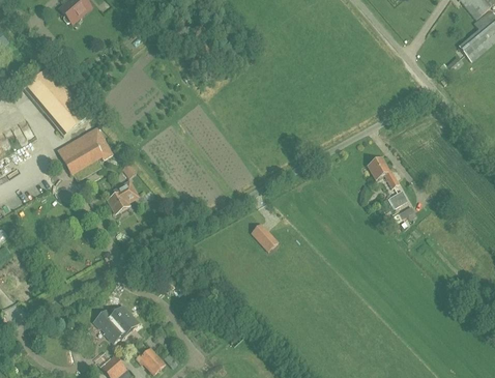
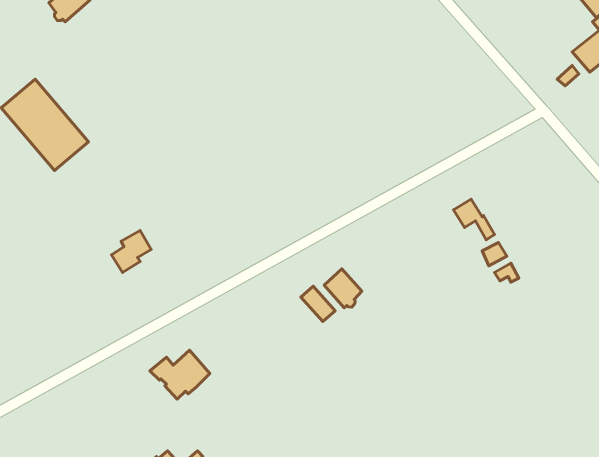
building: [58,126,113,174] -> none
building: none -> [324,269,362,308]
building: [93,306,139,343] -> [150,350,210,399]

